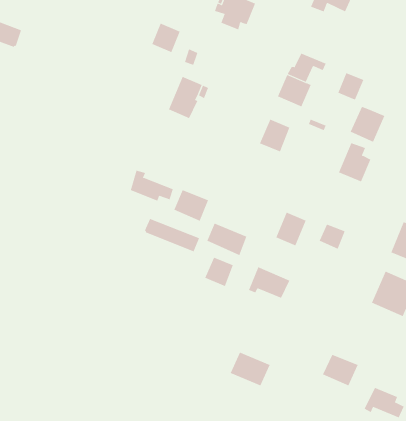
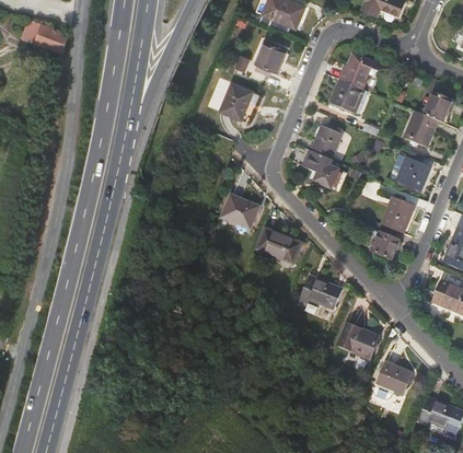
building: [151,23,180,53] -> [258,39,288,70]
building: [337,72,364,100] -> [425,93,452,121]
building: none -> [303,149,338,186]
building: [130,170,174,201] -> none
building: [275,212,306,246] -> [381,196,413,231]
building: [144,218,200,252] -> none
building: [205,257,233,287] -> none
building: [230,352,270,386] -> [337,326,379,361]

